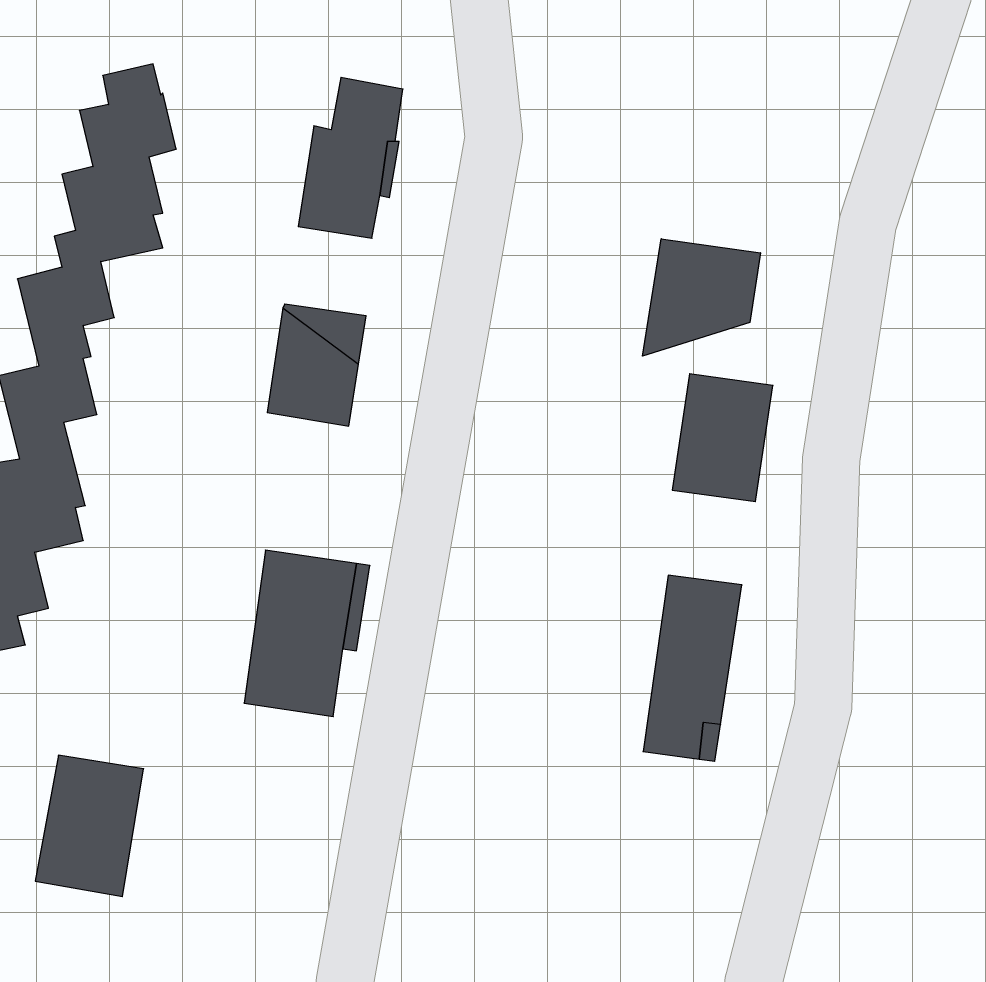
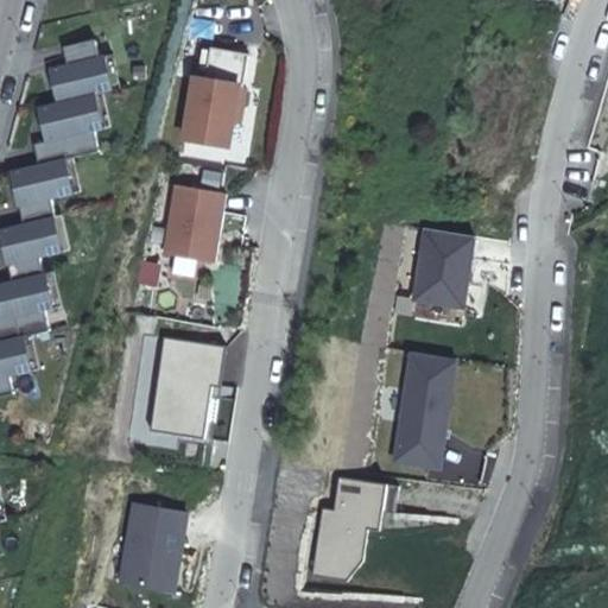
building: [643,239,760,356] -> none
building: [35,755,144,897] -> [120,505,186,591]
building: none -> [310,477,397,582]

